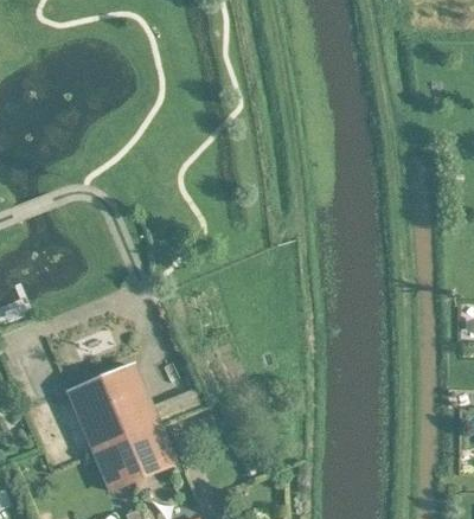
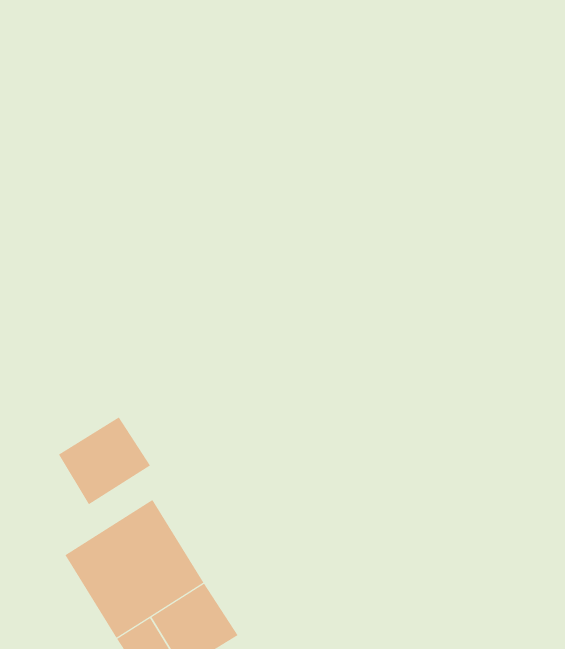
building: none -> [58,416,151,505]

